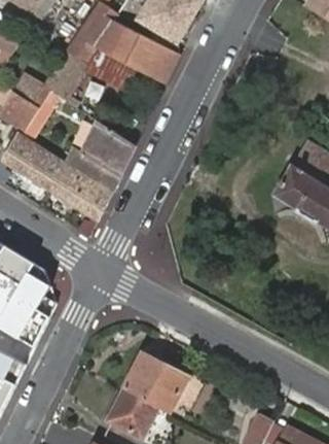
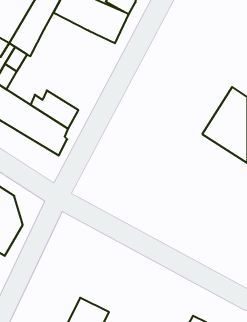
building: [79,48,133,92] -> none
building: [82,121,132,166] -> none
building: [122,353,187,415] -> none

